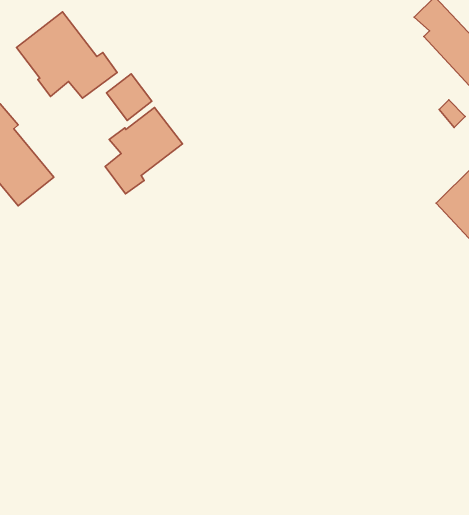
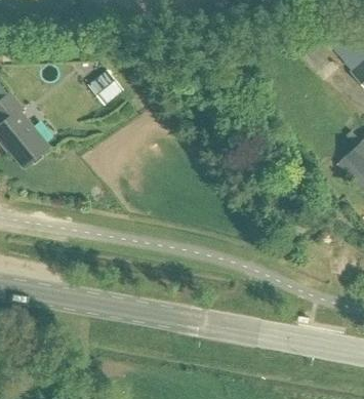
building: [16,12,117,98] -> none
building: [105,108,183,194] -> none

